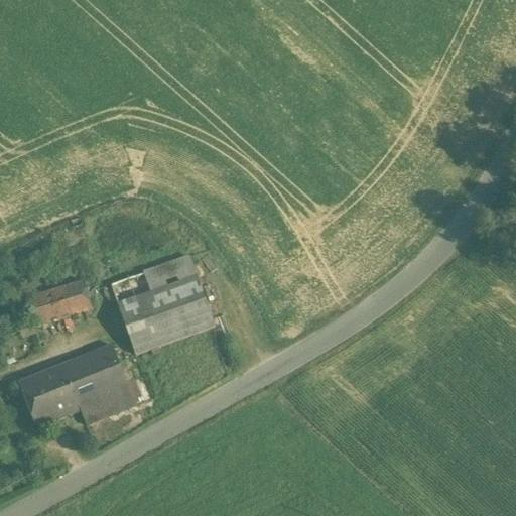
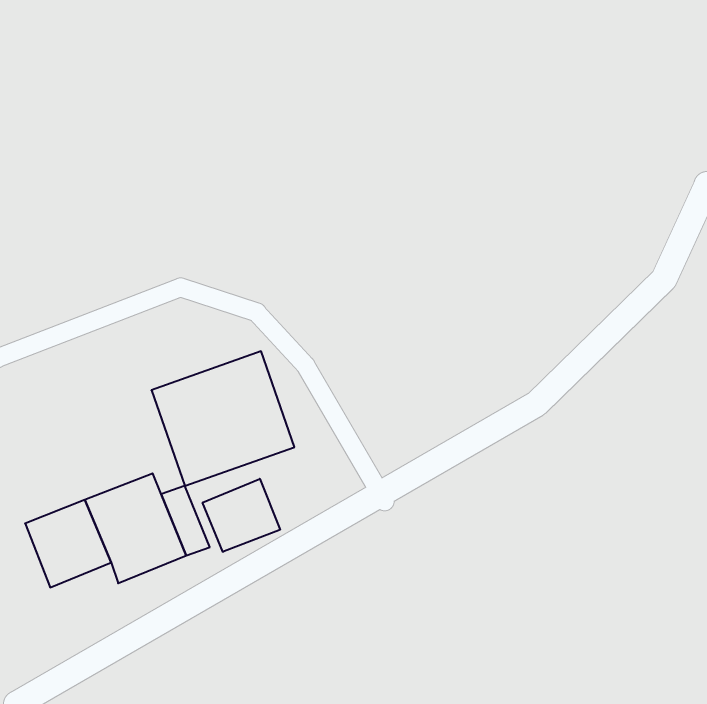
building: [24,279,91,326] -> none
building: none -> [203,479,280,552]

